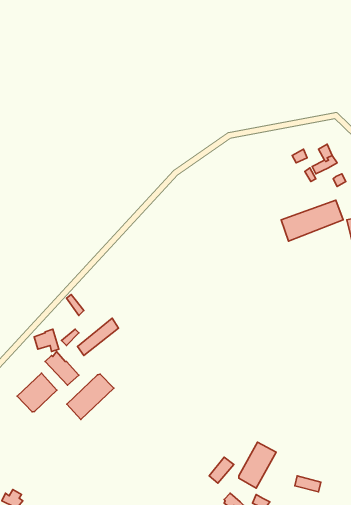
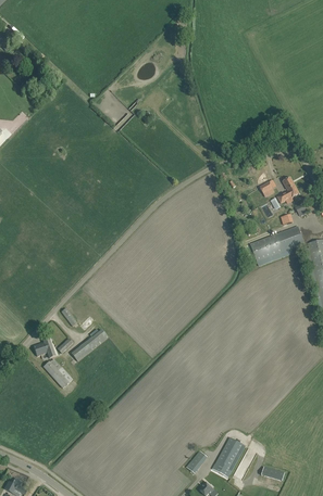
building: [17,373,57,412] -> none
building: [67,374,114,419] -> none

